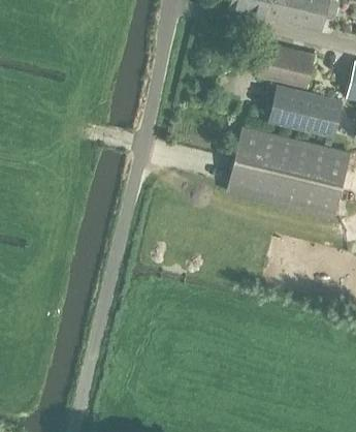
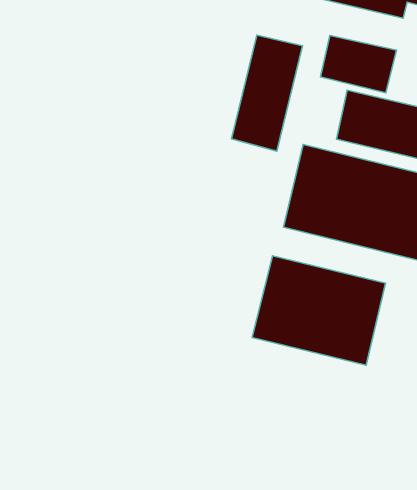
building: none -> [232,35,303,151]
building: none -> [252,256,385,365]

